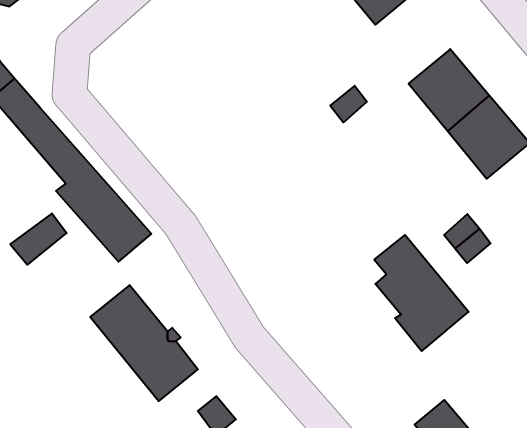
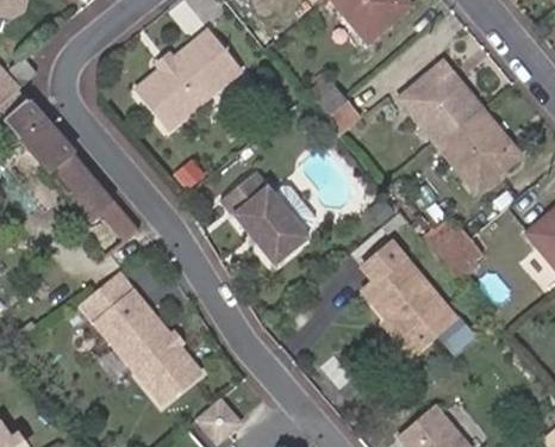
building: none -> [133,27,243,130]
building: none -> [223,173,316,265]
building: [10,213,67,265] -> [74,273,129,323]

